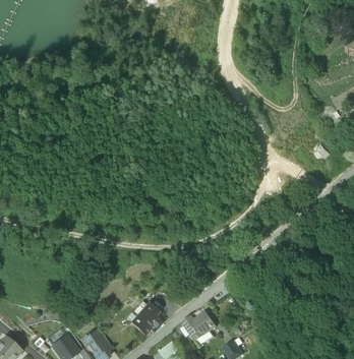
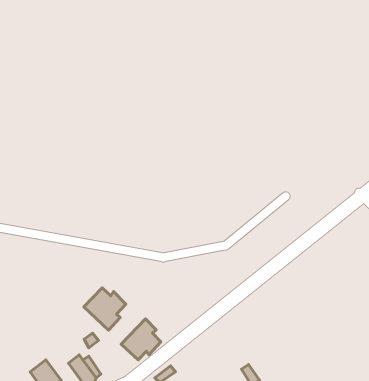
building: none -> [84,288,126,330]
building: [184,311,218,340] -> none

